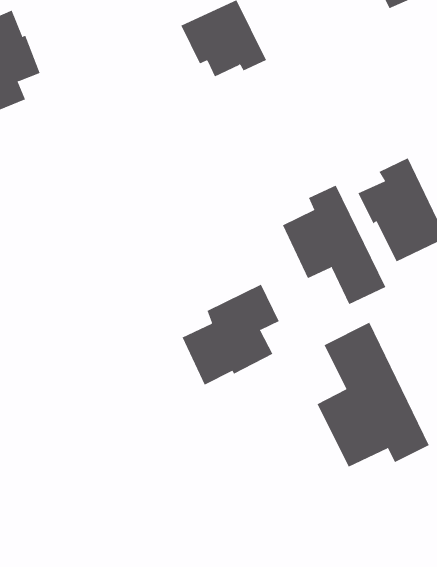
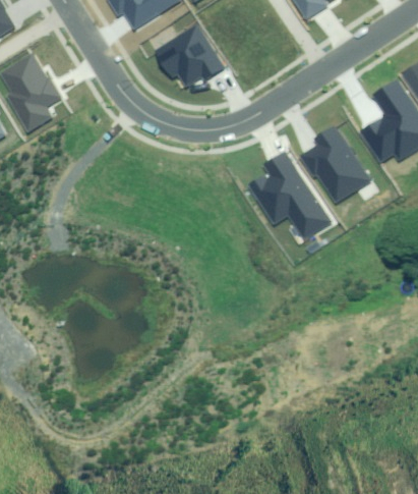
building: [182,284,280,385] -> none
building: [317,322,430,467] -> none

